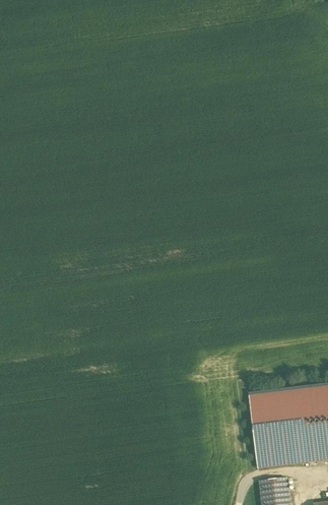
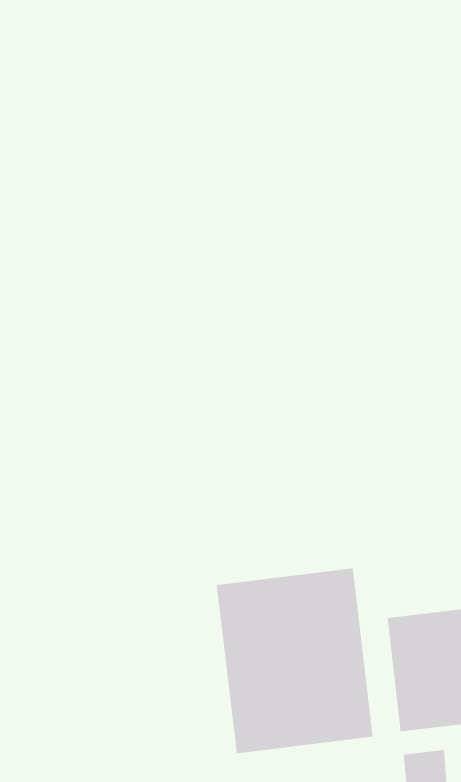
building: none -> [216,567,373,754]

